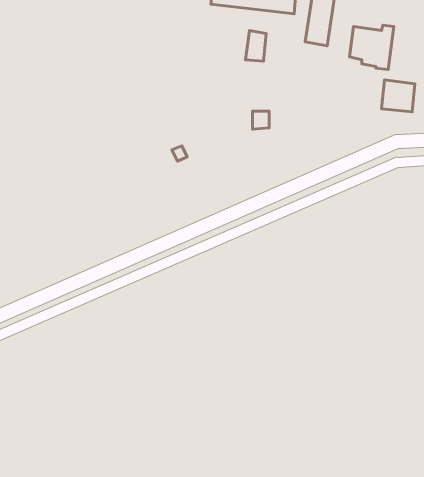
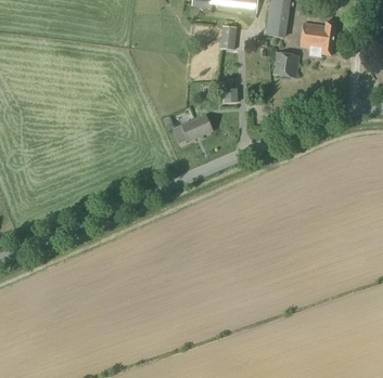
building: [382,80,415,112] -> [272,52,298,77]
building: none -> [173,114,213,143]

